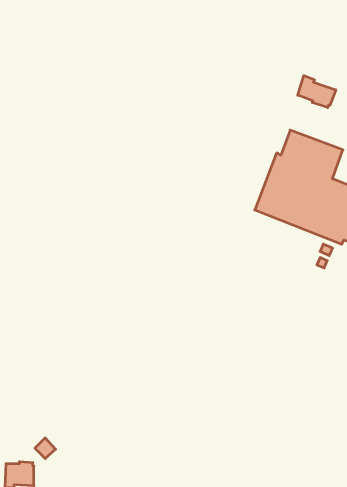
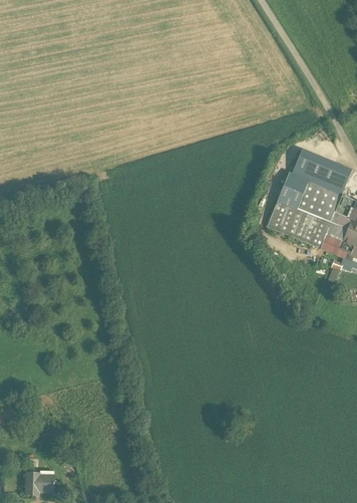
building: [298,76,336,108] -> none

